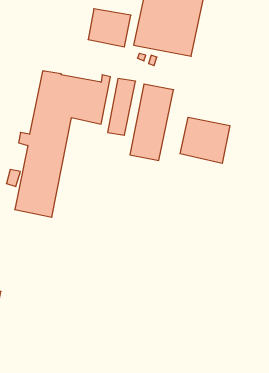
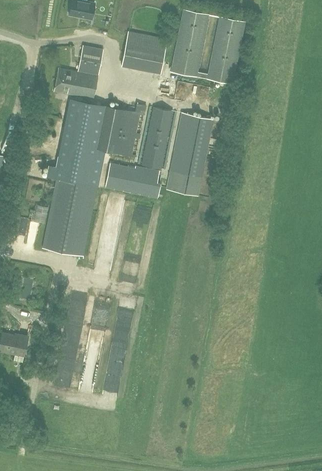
building: none -> [53,46,103,102]
building: [180,117,230,163] -> none
building: none -> [105,166,160,194]

